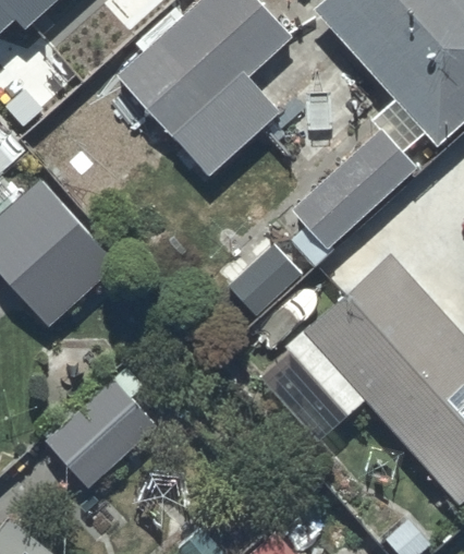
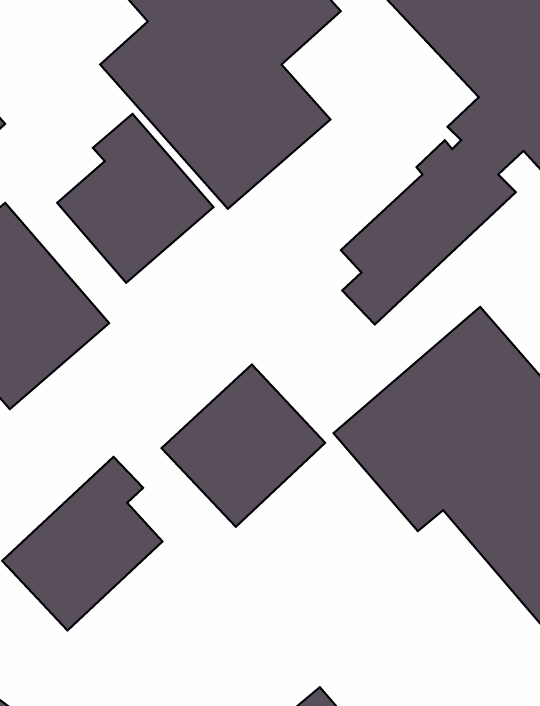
building: none -> [57,114,213,283]
building: none -> [161,364,325,527]

